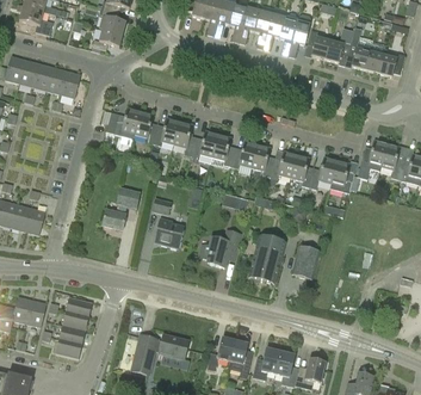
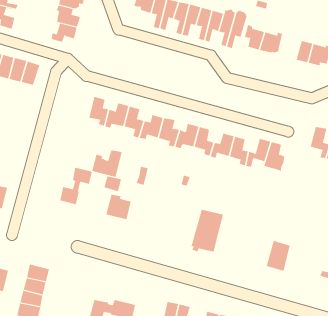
building: [346,26,371,68] -> none
building: [106,106,141,137] -> [91,150,123,178]
building: [357,138,386,178] -> none
building: [199,229,240,266] -> none
building: [291,243,318,278] -> [266,240,290,271]

